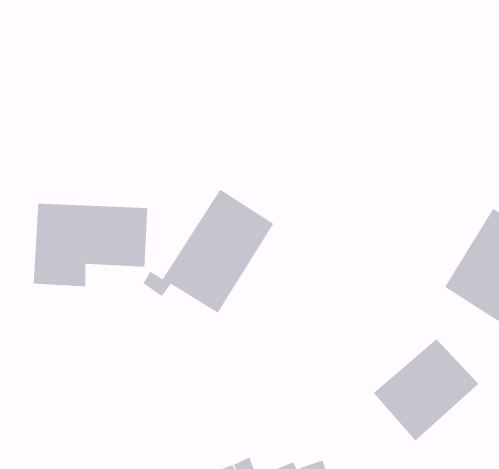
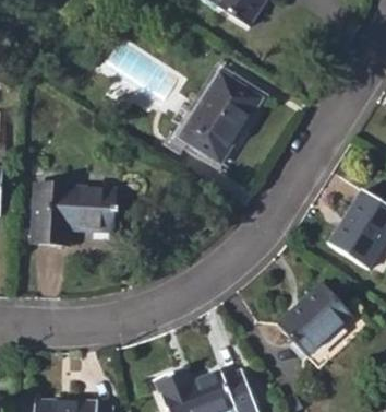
building: [142,189,274,313] -> [166,72,261,162]

